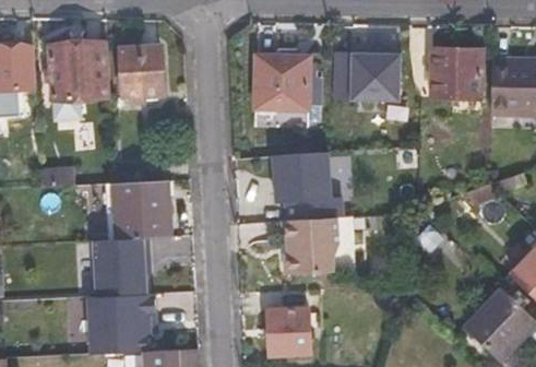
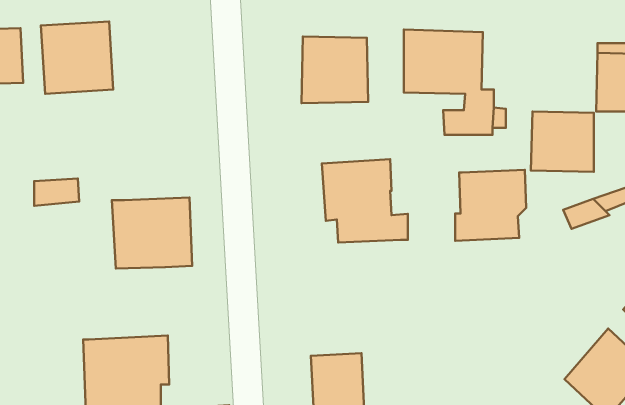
building: [432,47,483,95] -> [531,112,594,172]
building: [122,48,166,94] -> none
building: [281,216,337,273] -> [455,170,526,241]
building: [84,238,150,296] -> none

